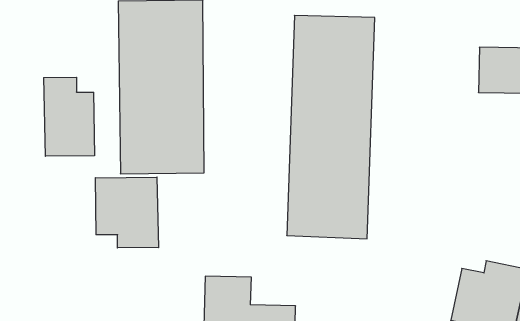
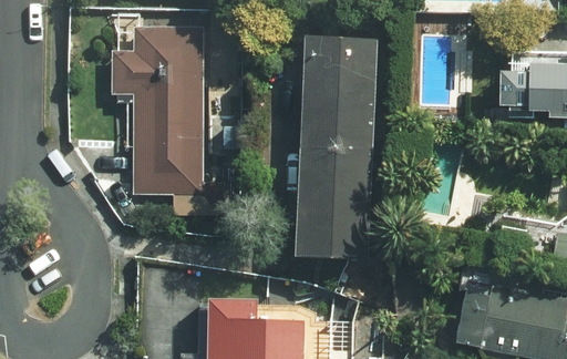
building: [44,77,94,156] -> none
building: [95,177,159,248] -> none

